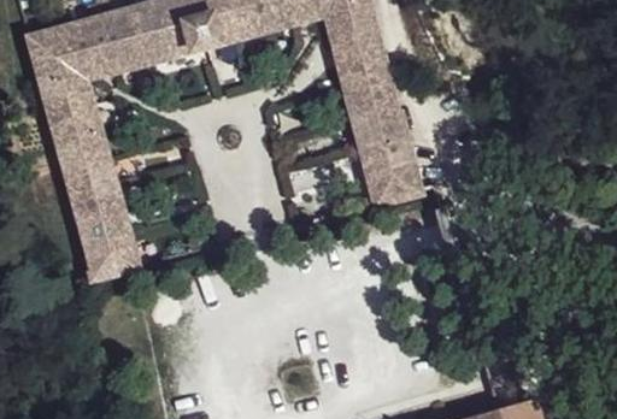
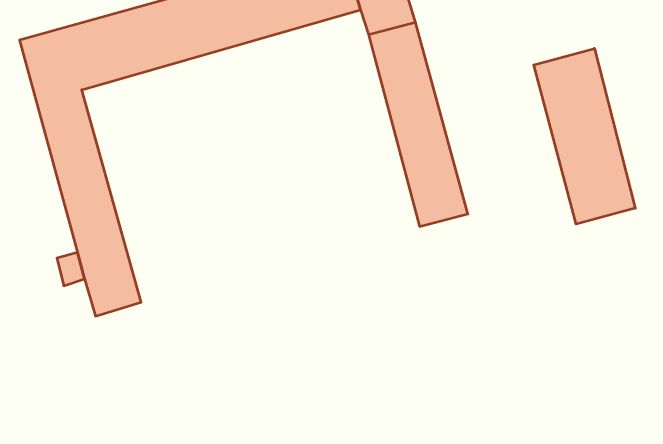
building: none -> [534,48,635,224]

